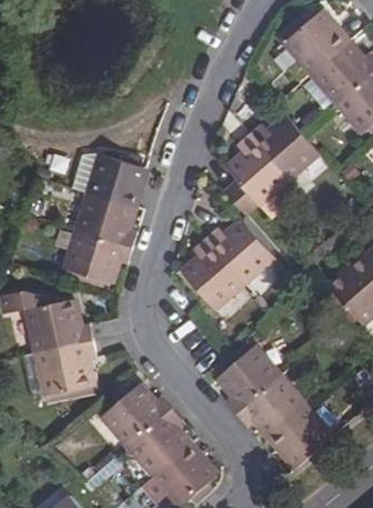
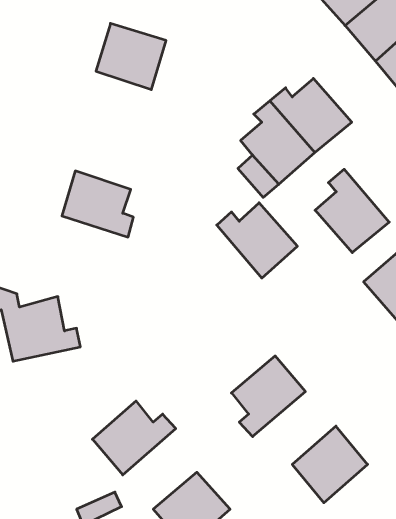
building: [87,154,145,209] -> [96,23,166,90]
building: [64,231,131,283] -> none
building: [180,239,242,308] -> [315,169,389,253]
building: [35,340,95,396] -> none
building: [234,377,304,438] -> none
building: [127,408,188,475] -> none

